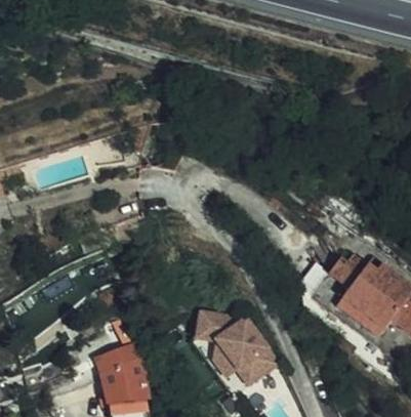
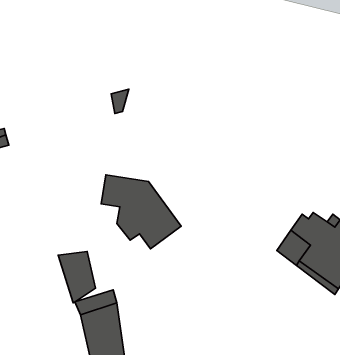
building: none -> [58,251,96,303]
building: [196,310,284,391] -> [101,175,181,249]

